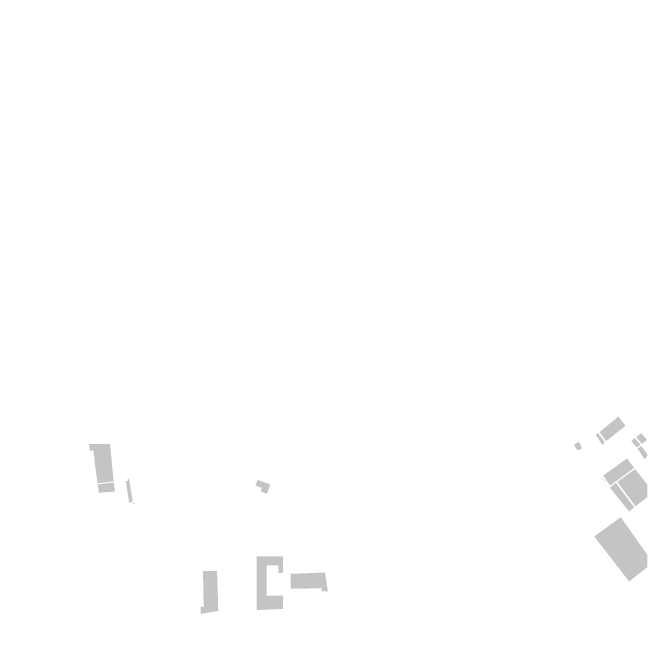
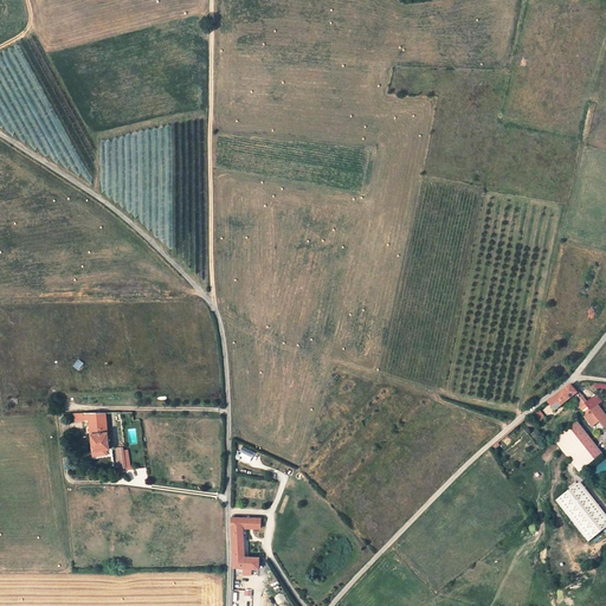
building: [200,570,219,615] -> none
building: [290,572,329,592] -> none

